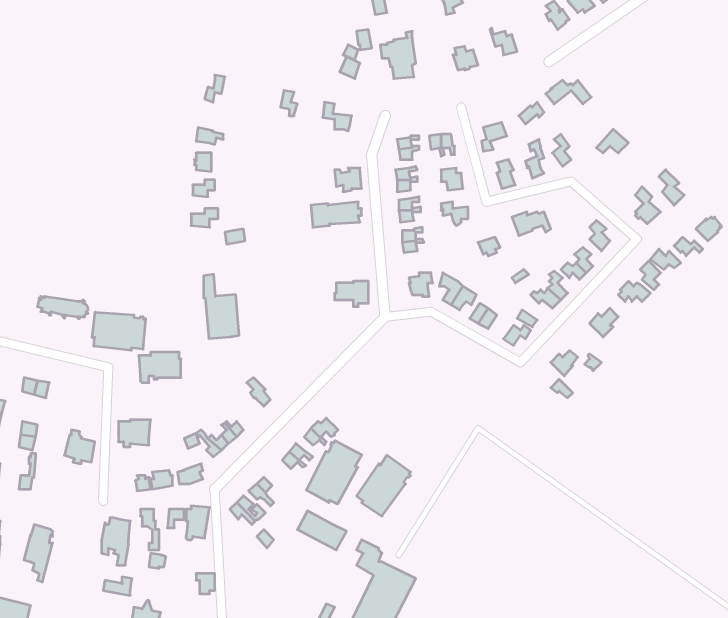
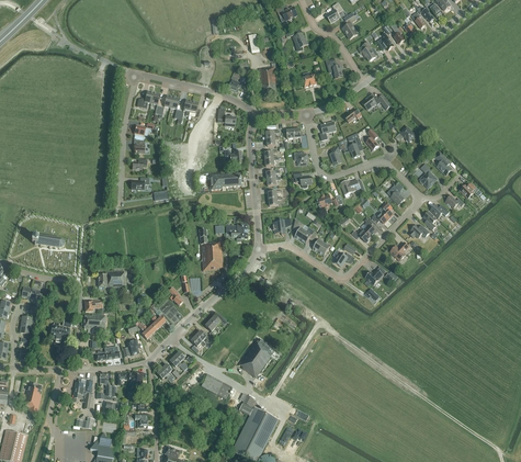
building: [204,274,239,338] -> [200,227,223,269]
building: [92,312,146,350] -> none
building: [306,441,362,504] -> none

